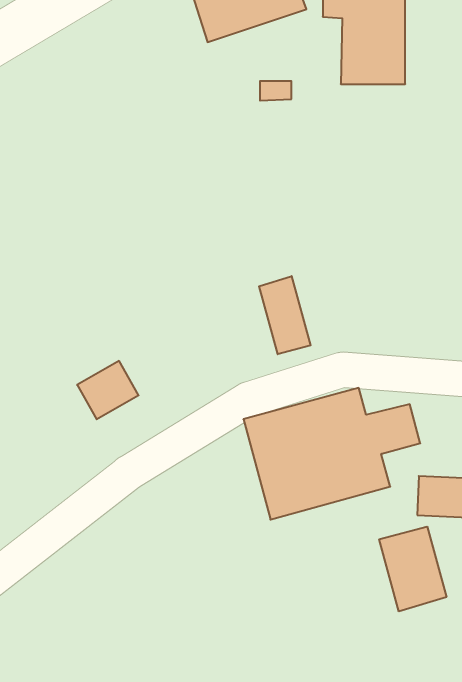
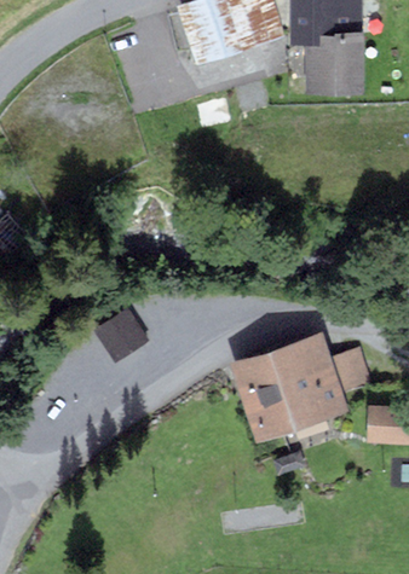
building: [259,276,311,354] -> none
building: [379,527,446,611] -> none

